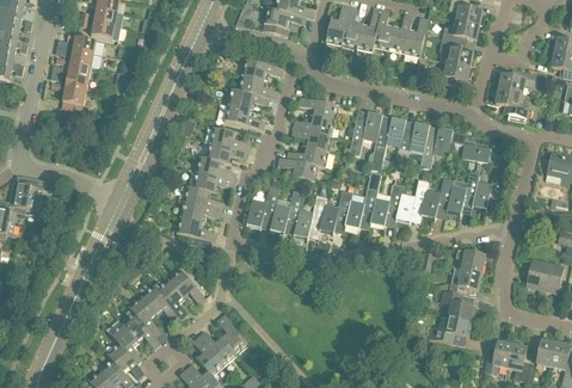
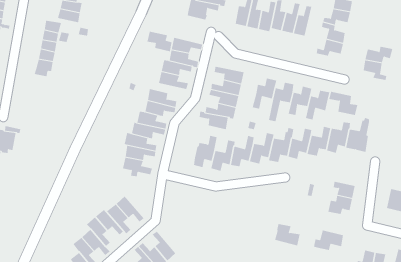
building: none -> [147,31,172,52]
building: [246,183,279,224] -> none
building: [438,290,473,320] -> [274,224,300,246]

